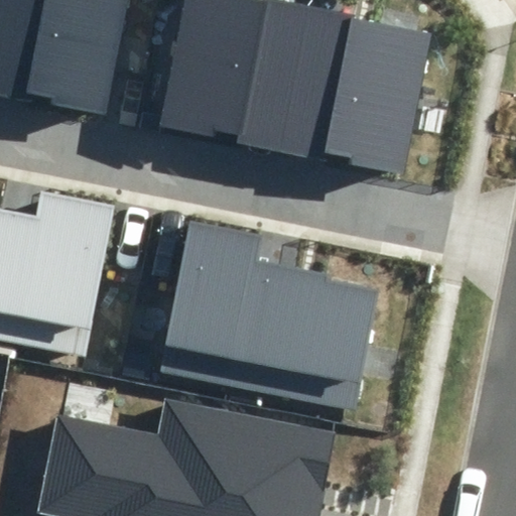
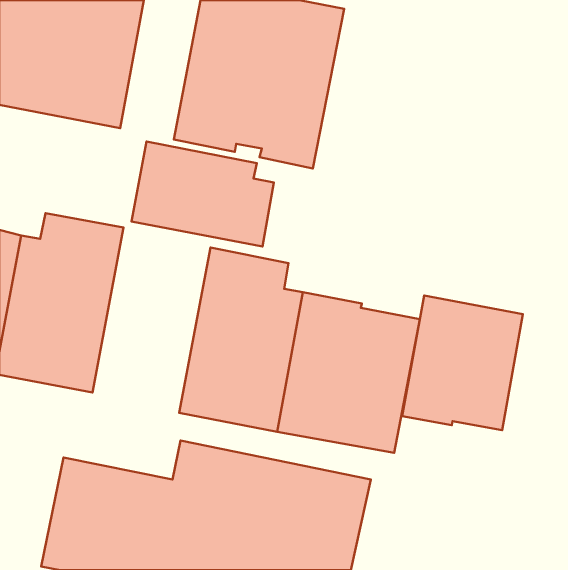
building: [283,8,429,173] -> none
building: none -> [132,142,274,246]
building: none -> [402,296,523,430]

